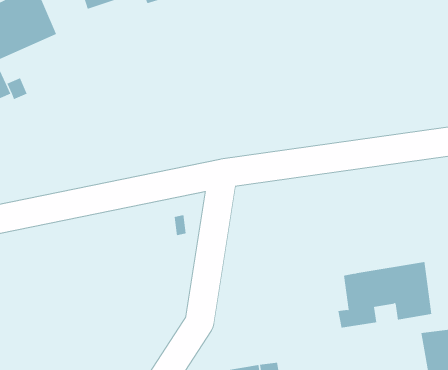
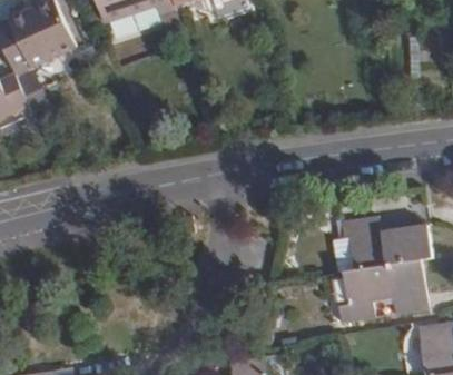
building: none -> [341,216,432,270]

